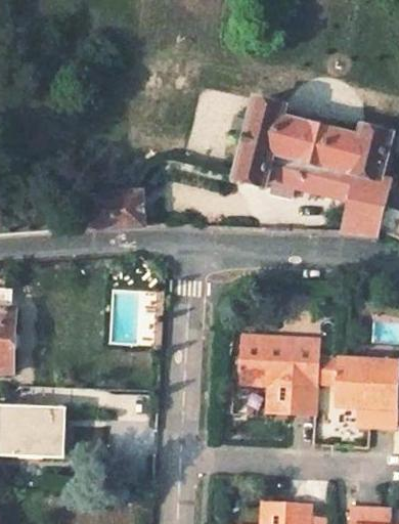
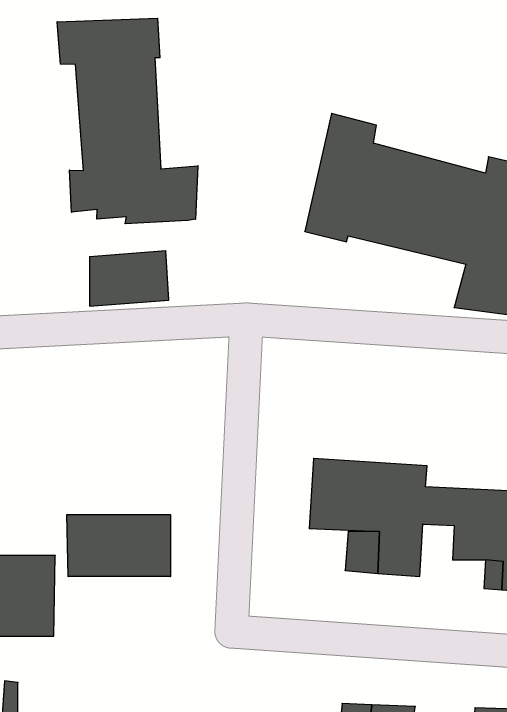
building: none -> [57,18,198,224]
building: none -> [67,515,170,577]

